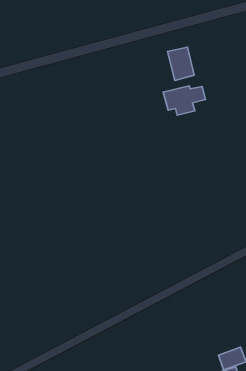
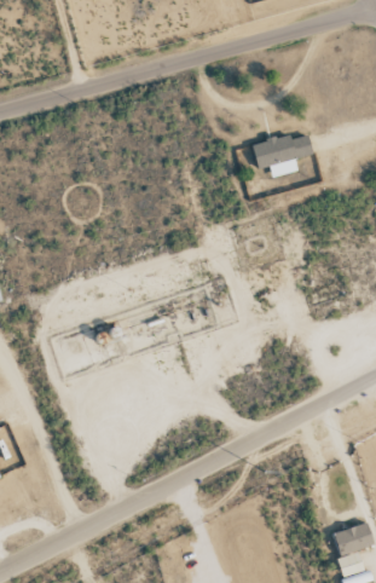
building: [168,47,194,81] -> none

